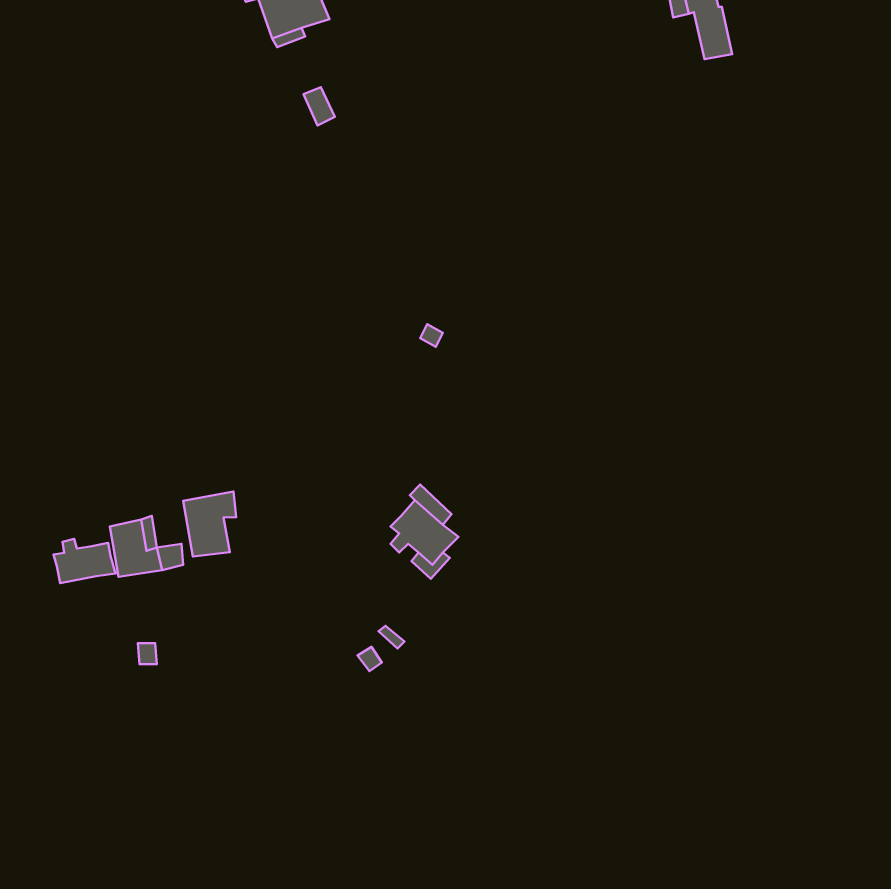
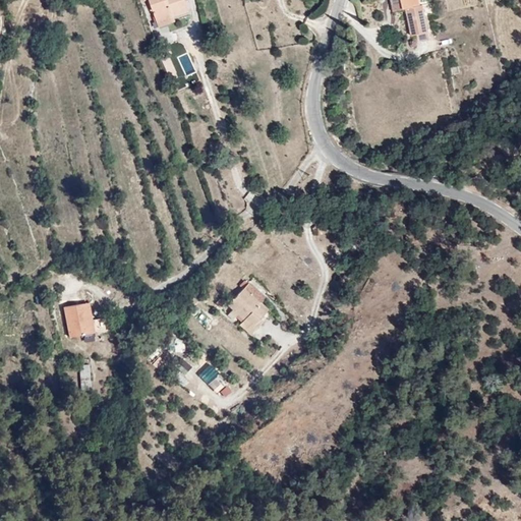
building: [183,491,236,557] -> none
building: [53,539,115,583] -> none

